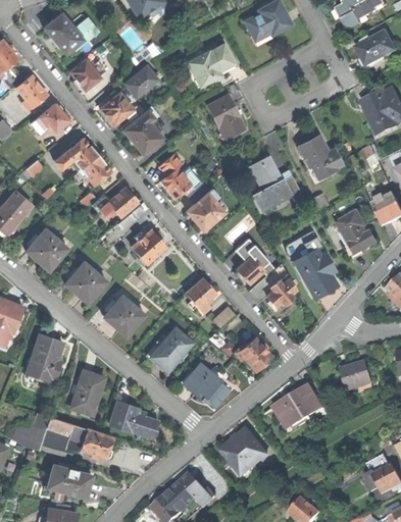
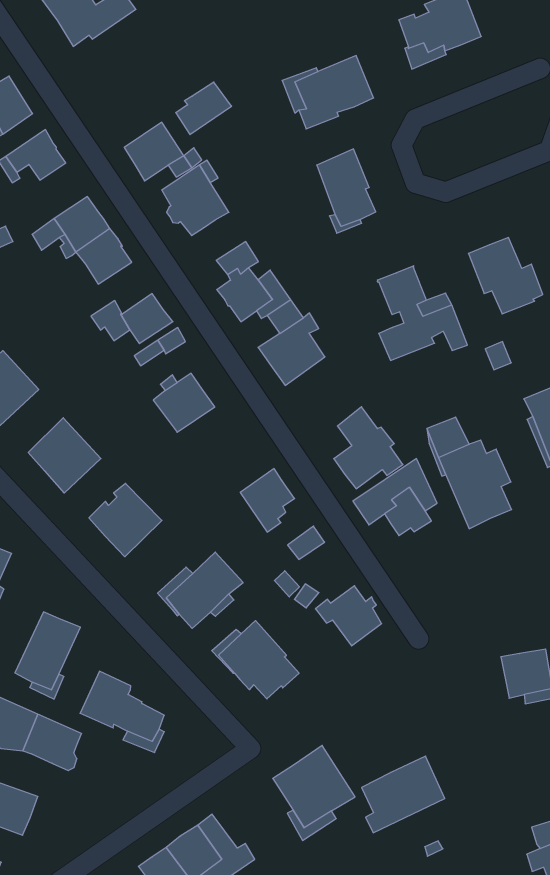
building: [69,59,101,91] -> none
building: [274,385,321,431] -> [362,756,445,833]

